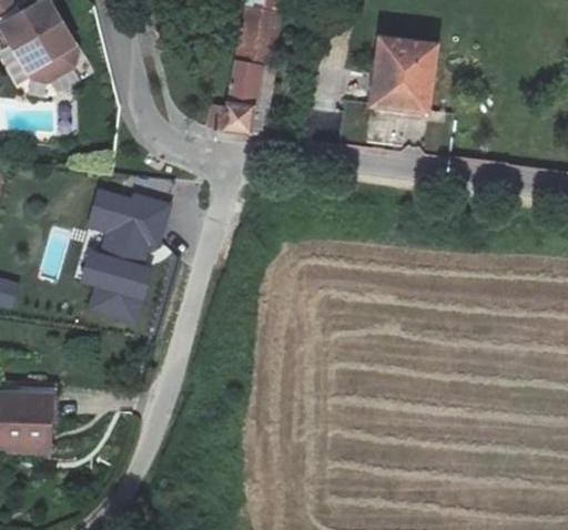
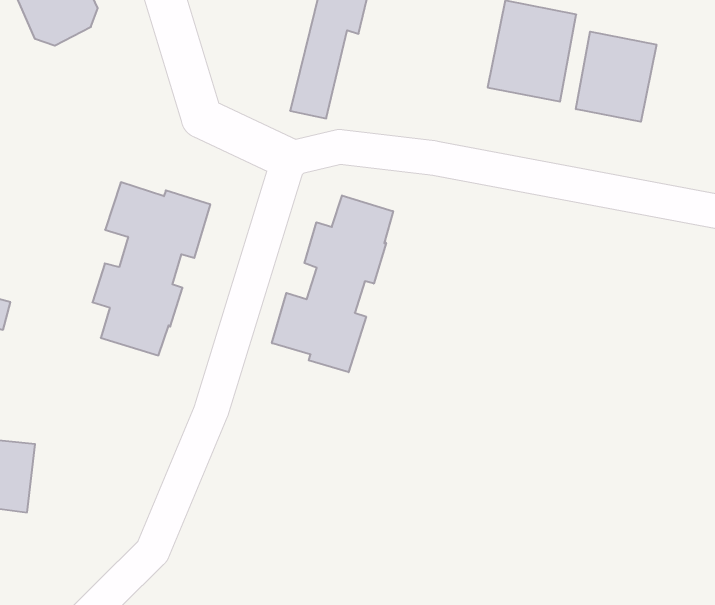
building: none -> [576,32,656,122]
building: none -> [272,195,393,372]

